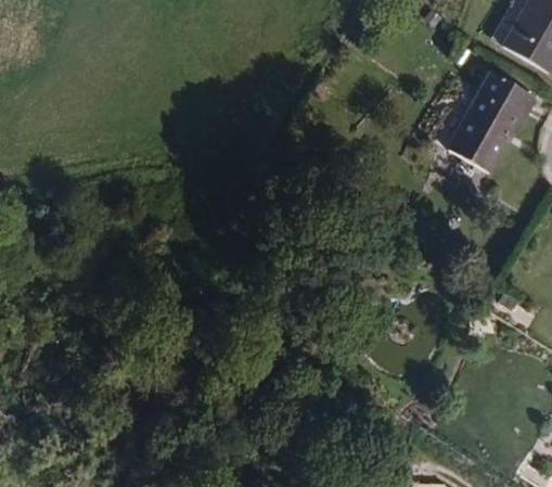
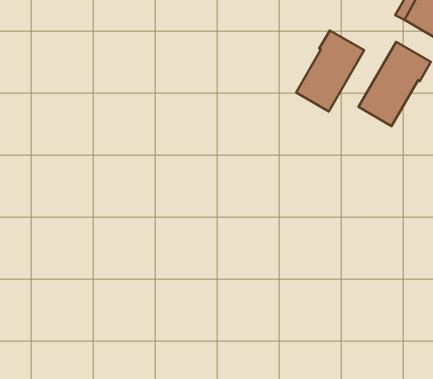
building: none -> [296,30,364,111]

